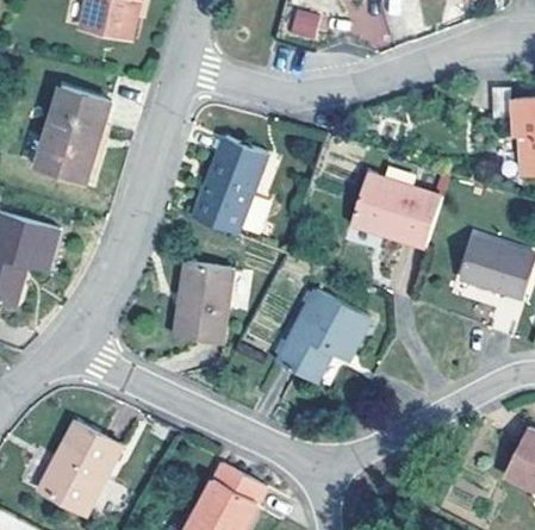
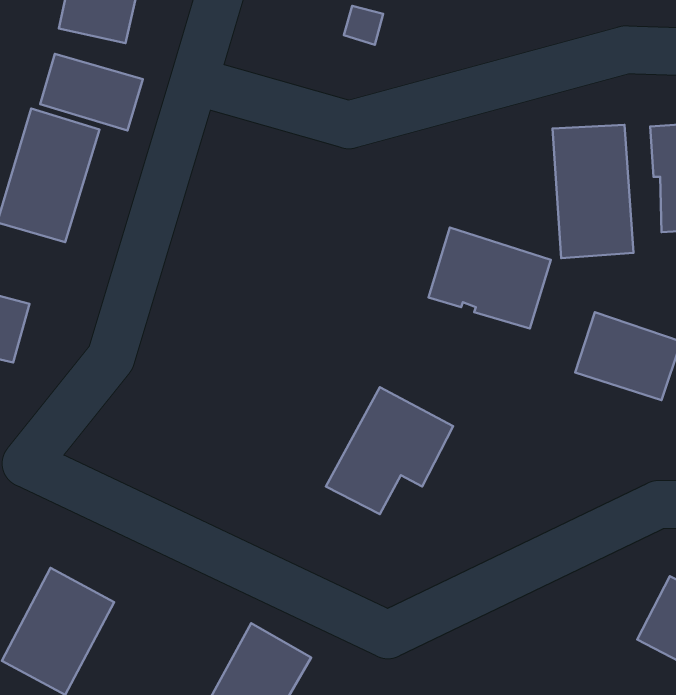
building: none -> [40,54,143,131]
building: none -> [553,125,633,258]
building: [194,135,267,232] -> none
building: [174,260,234,343] -> none

